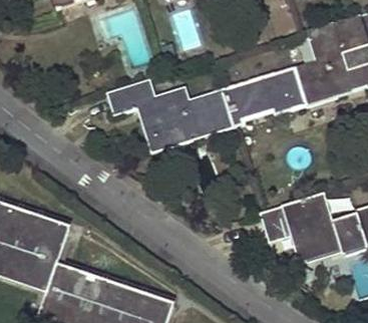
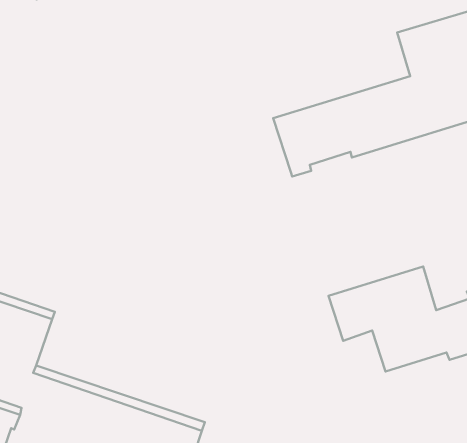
building: [107,79,233,152] -> none

